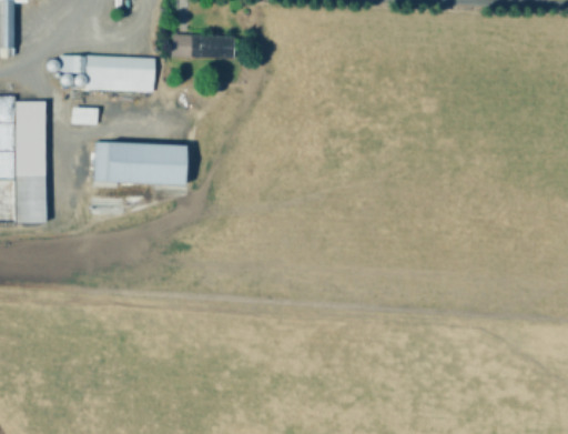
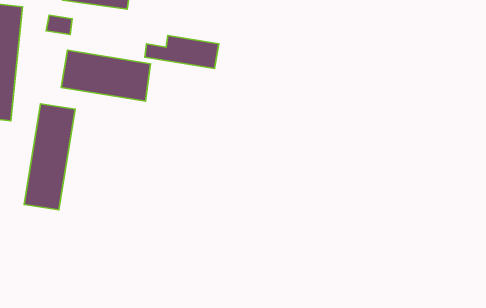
building: none -> [145,35,219,69]
building: none -> [24,104,75,210]

